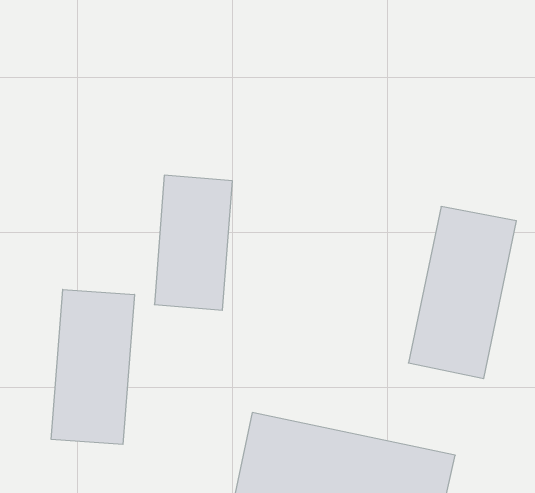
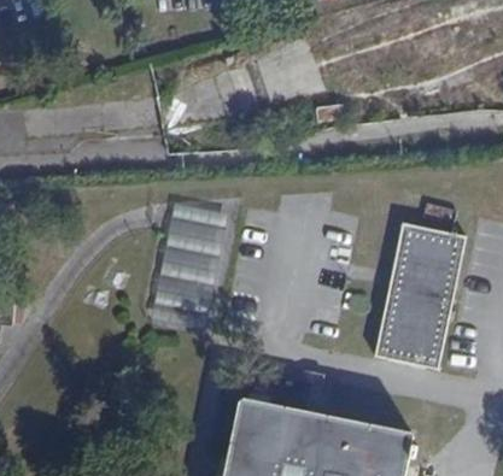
building: [51,289,134,444] -> none

